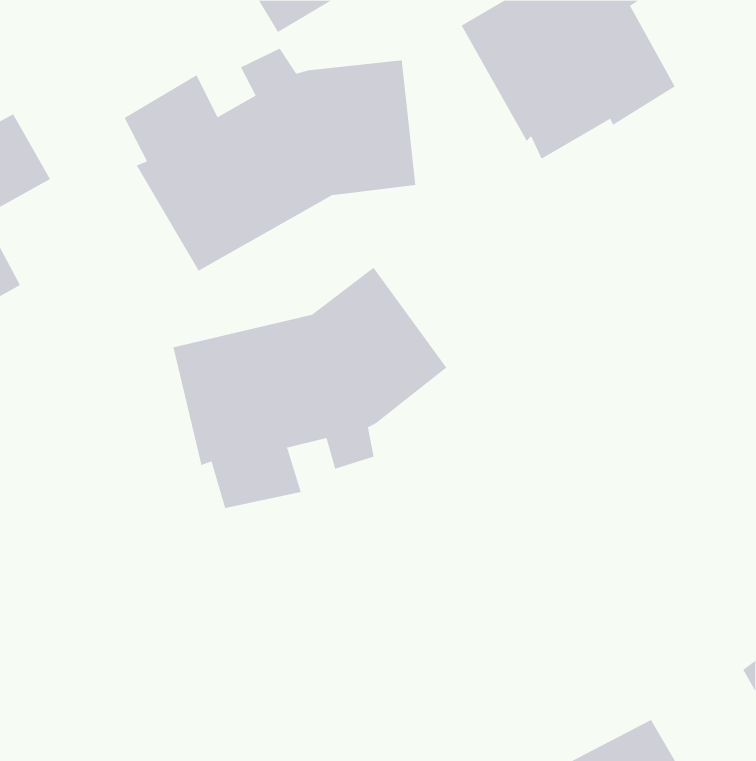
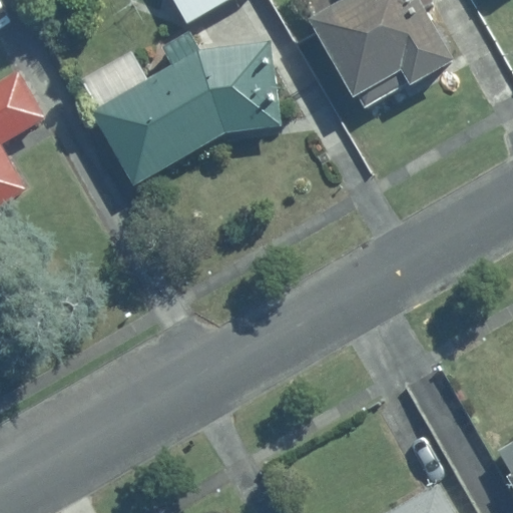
building: [173,267,447,509] -> none

